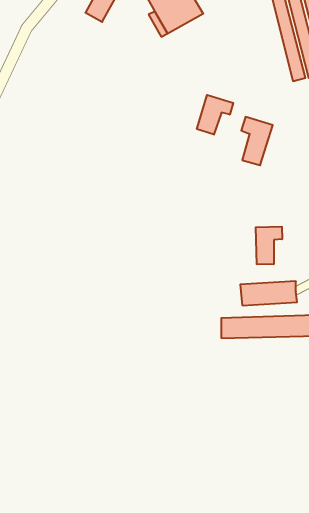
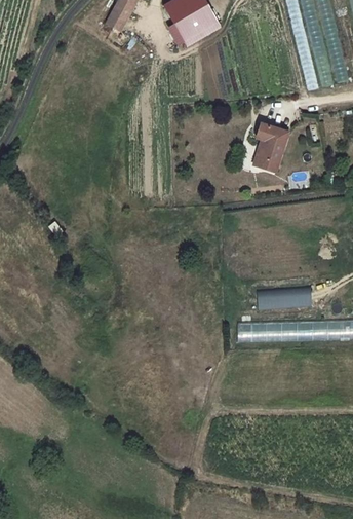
building: [197,95,233,135] -> none
building: [256,227,282,264] -> none

